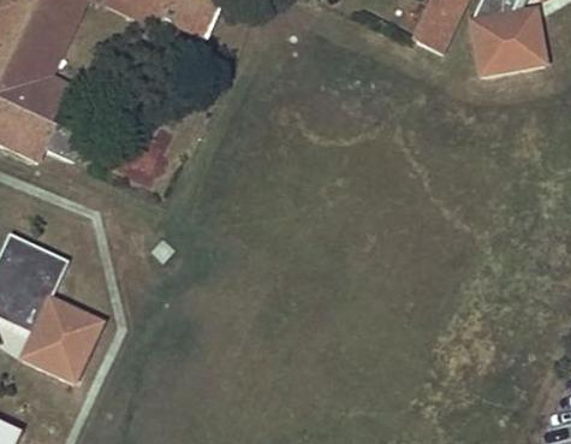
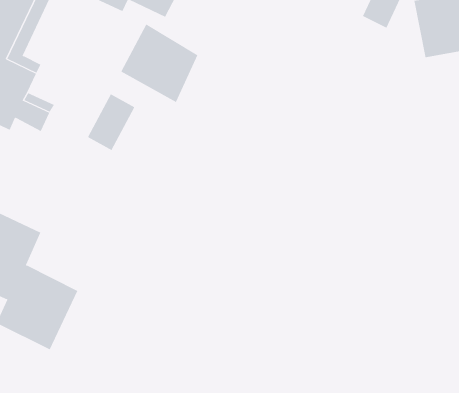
building: none -> [120,24,198,103]

